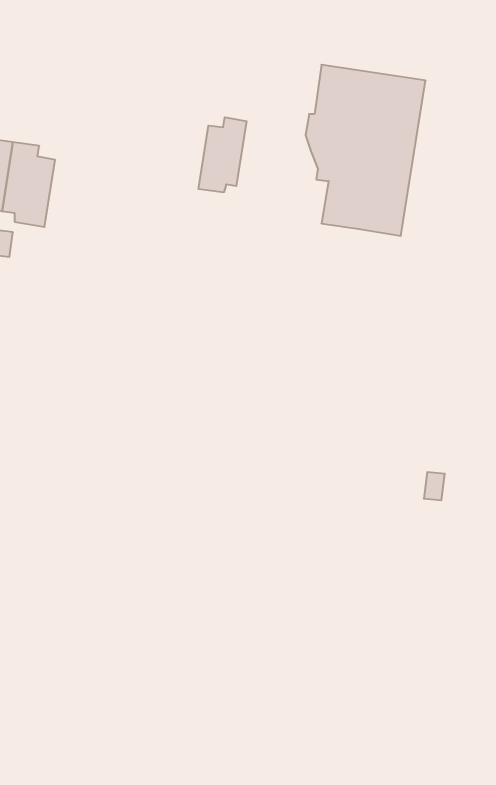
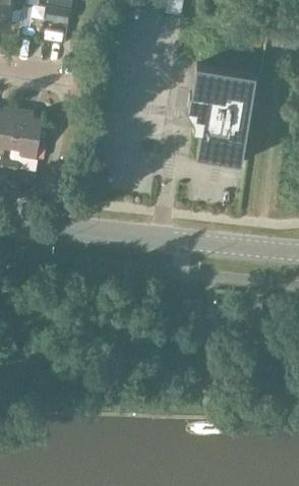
building: [199,117,247,192] -> none

